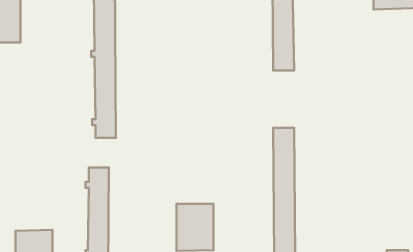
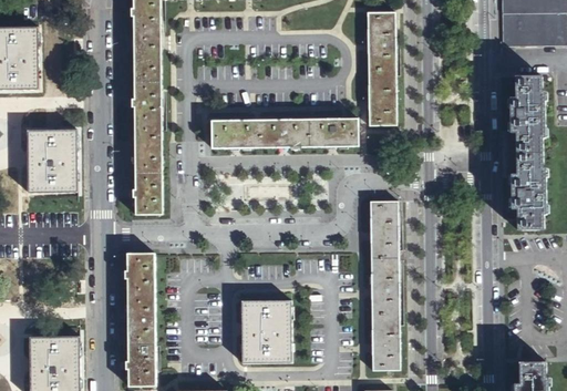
building: none -> [507,78,548,230]
building: none -> [213,119,358,148]
building: none -> [28,130,78,192]

